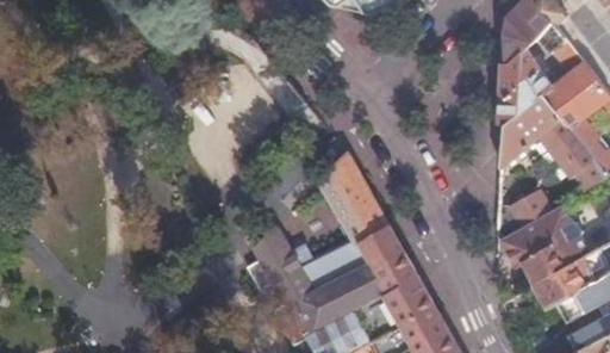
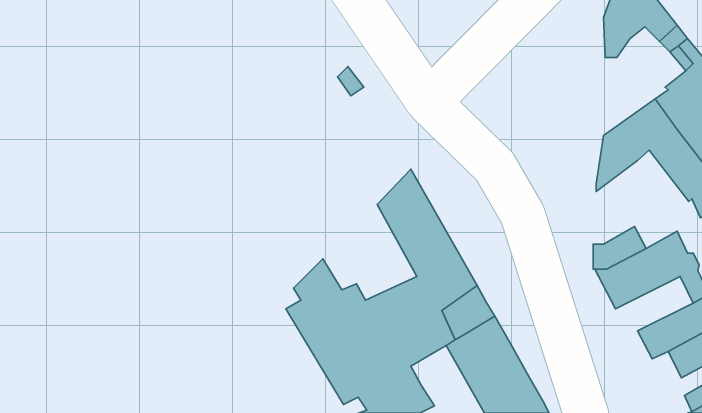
building: [499,47,556,125] -> none
building: [513,240,577,284] -> none

